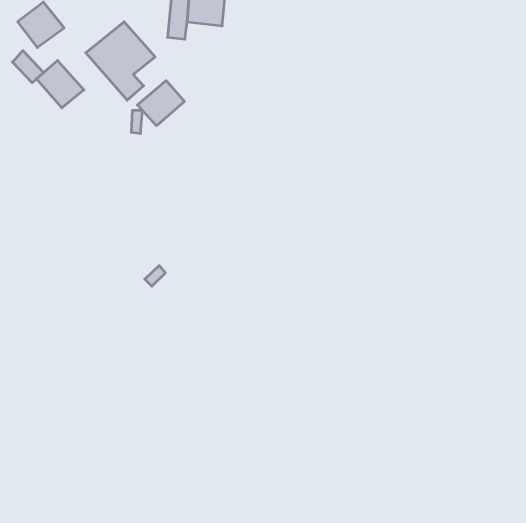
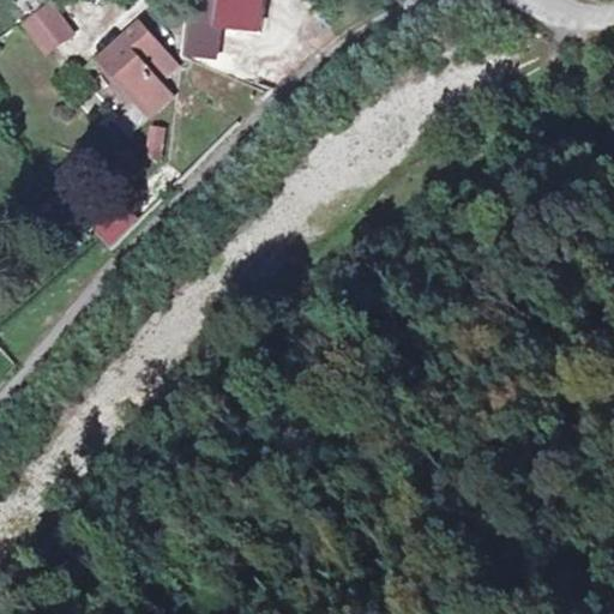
building: [36,60,84,108] -> none
building: [137,81,184,126] -> none

